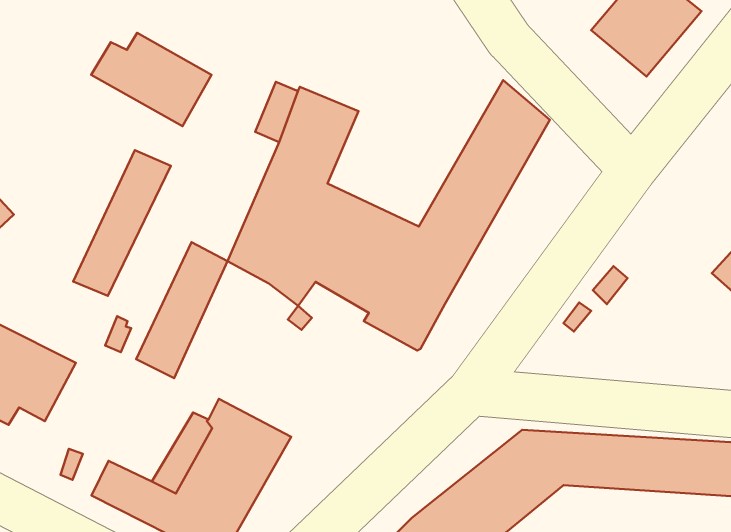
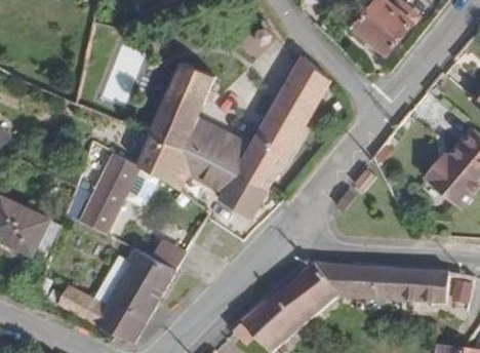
building: [91,33,211,126] -> none
building: [73,150,171,296] -> none

